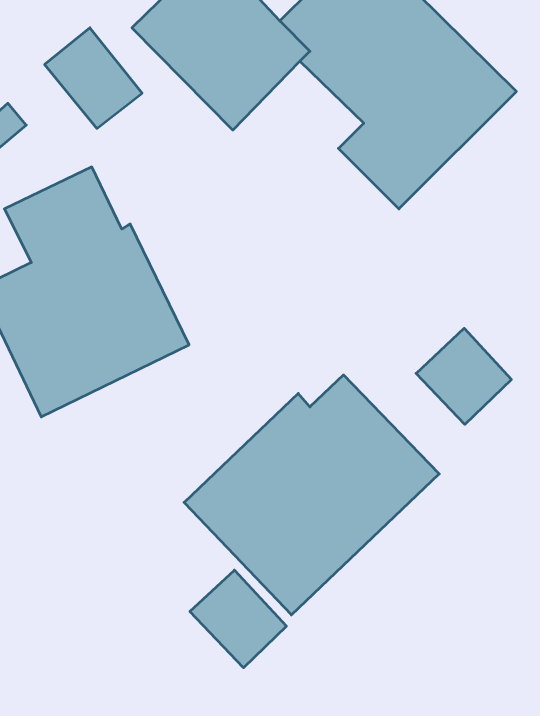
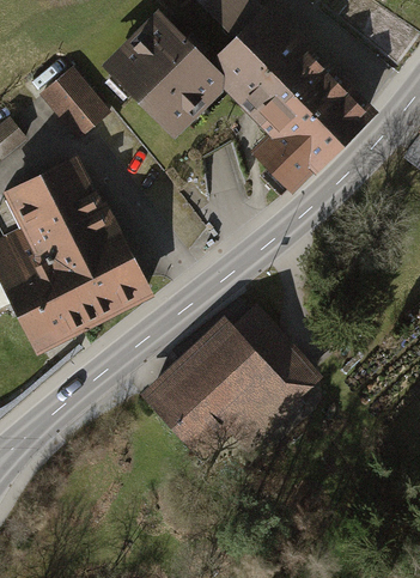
building: [416,328,511,424] -> none
building: [190,570,286,668] -> none

